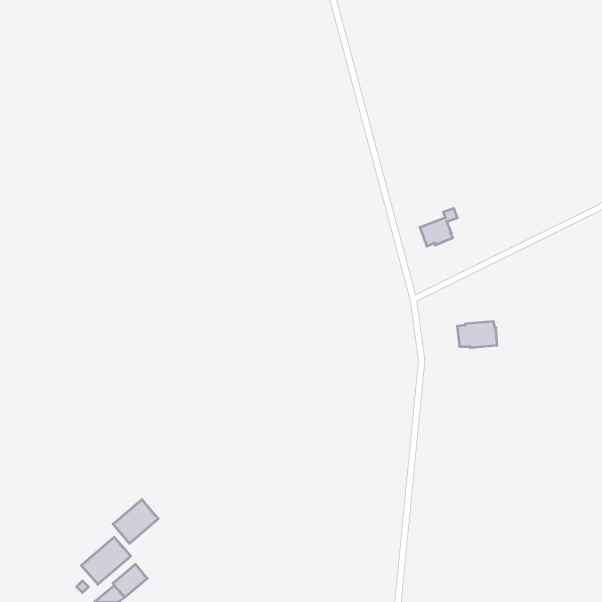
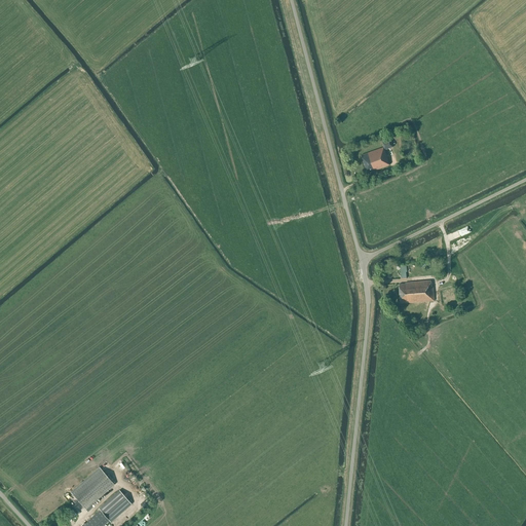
building: [420,209,457,246] -> [361,139,393,172]
building: [113,499,158,543] -> none

